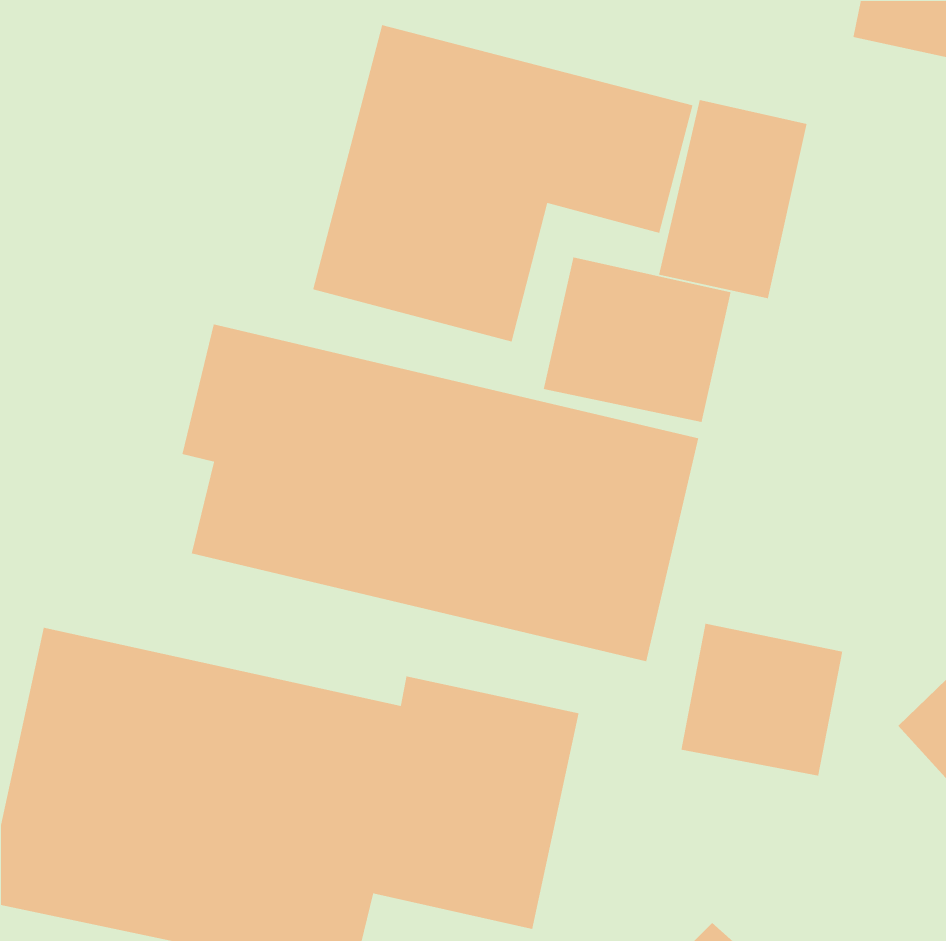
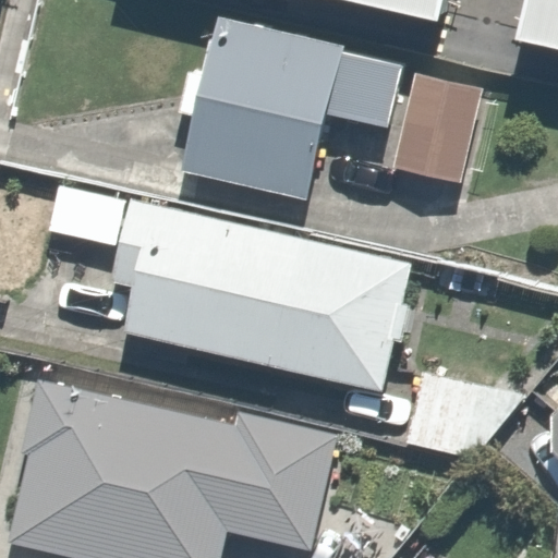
building: [543,256,731,423] -> none

